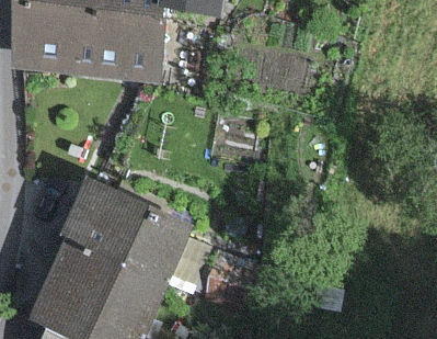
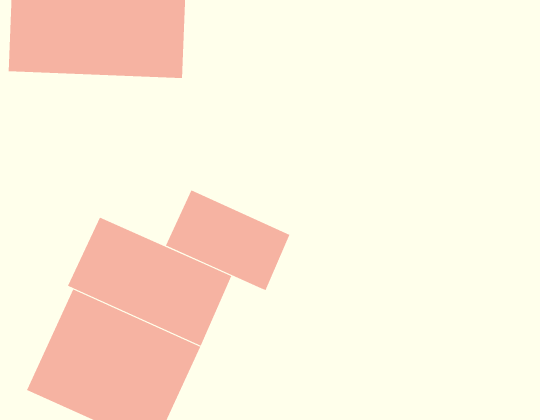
building: none -> [165,190,290,291]

